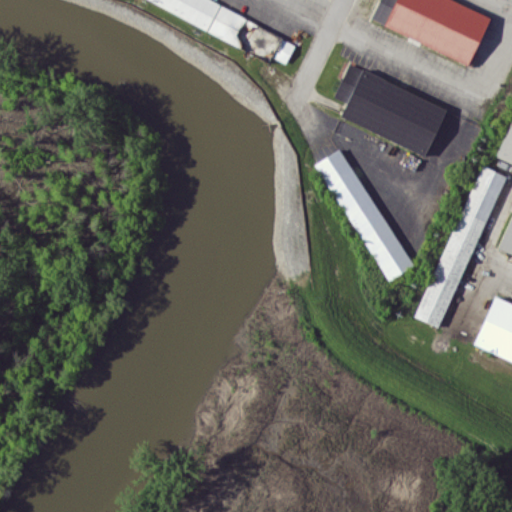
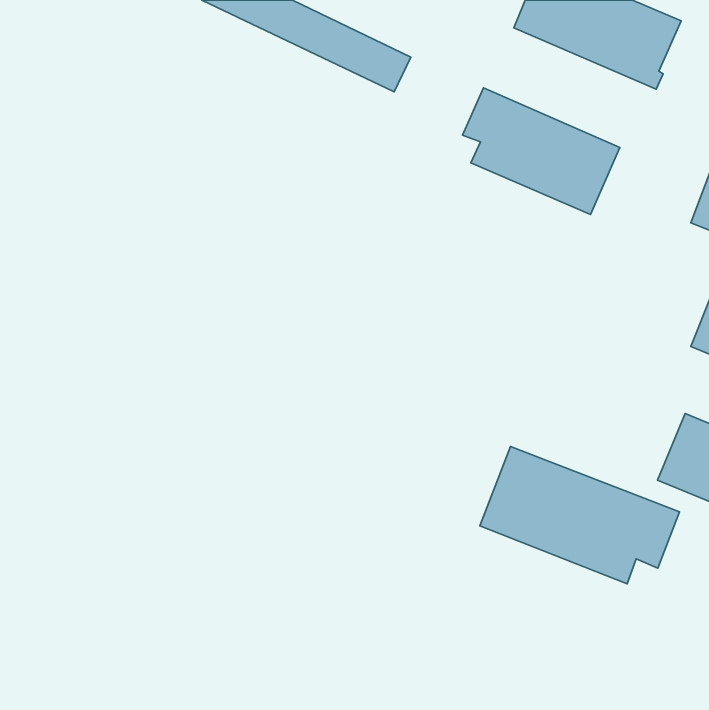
building: [316,147,413,282] -> none
building: [418,164,503,328] -> none
building: none -> [480,447,679,584]

